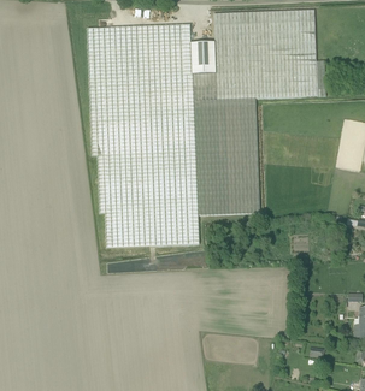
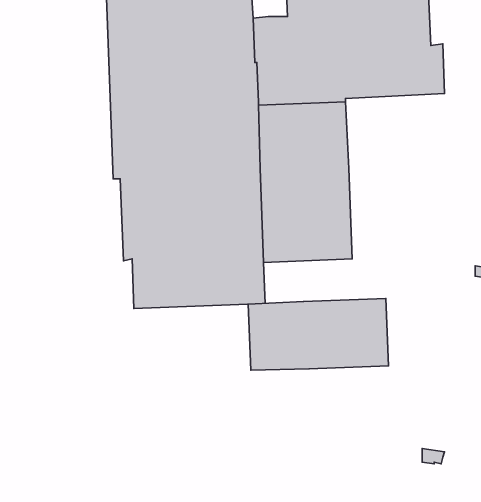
building: none -> [248,298,388,370]

